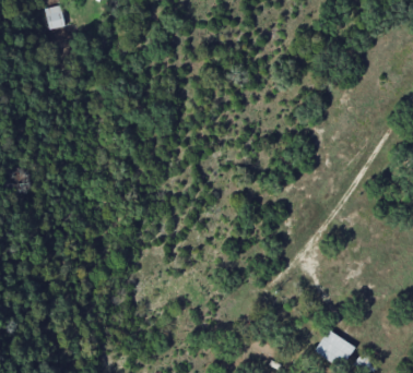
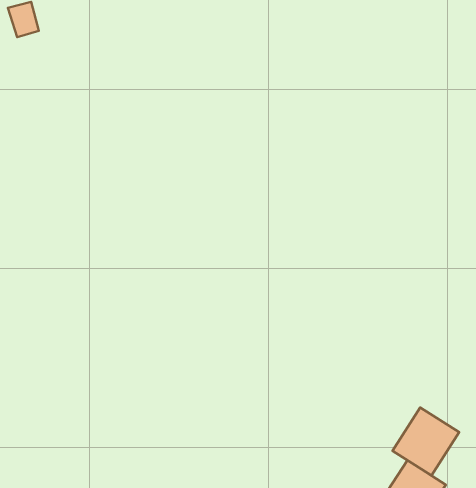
building: none -> [393,408,459,475]

